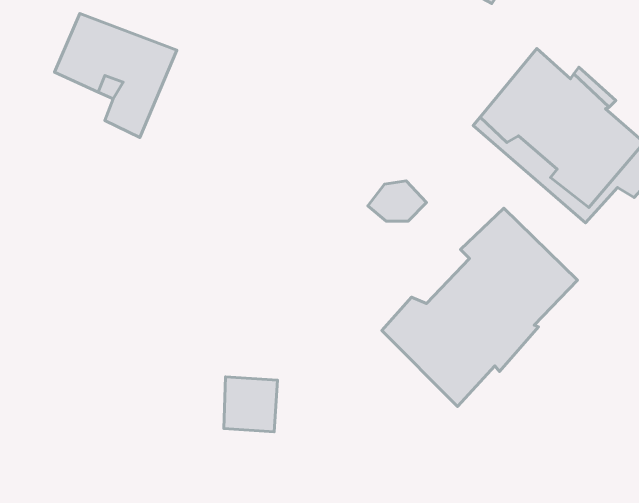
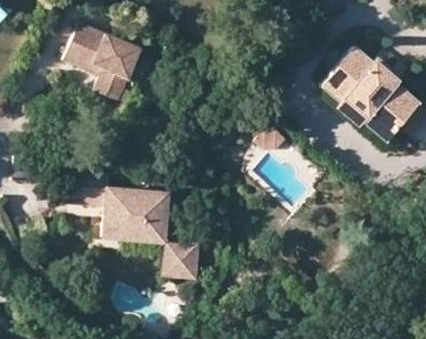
building: [382,208,577,406] -> none
building: none -> [62,168,163,237]

